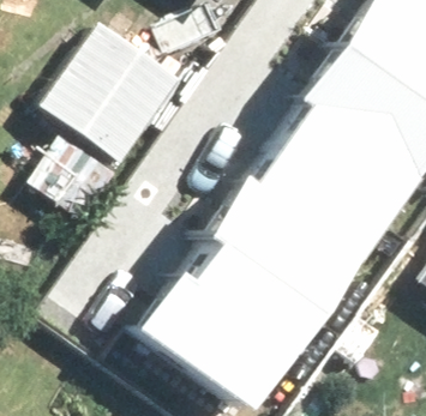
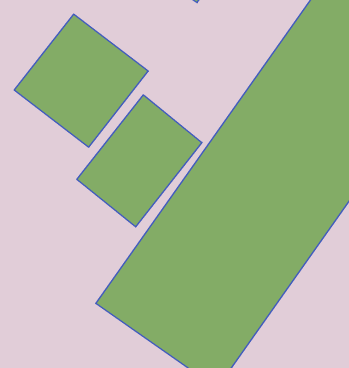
building: none -> [77,95,202,227]

